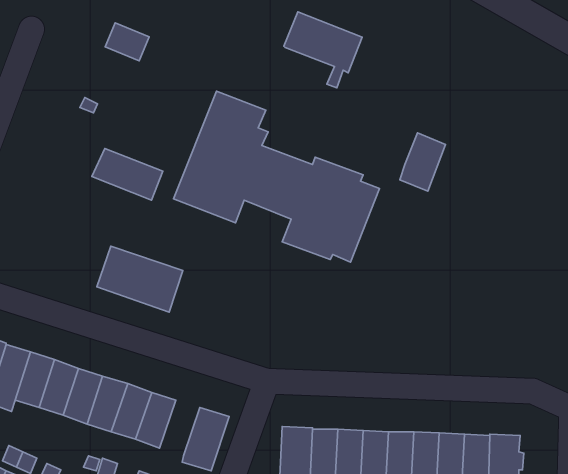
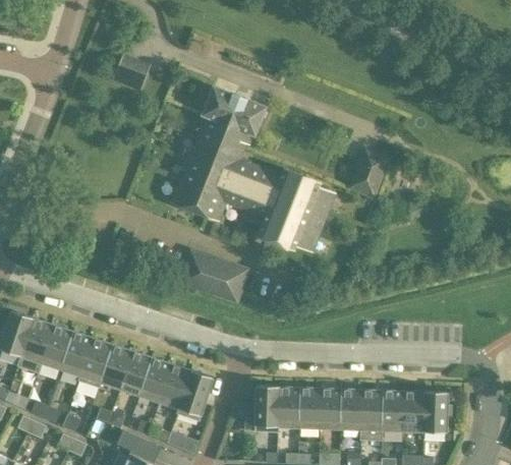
building: [284,12,362,88] -> [203,86,266,148]
building: [92,148,163,200] -> none
building: [97,246,183,312] -> [179,249,248,302]
building: none -> [158,363,190,408]

